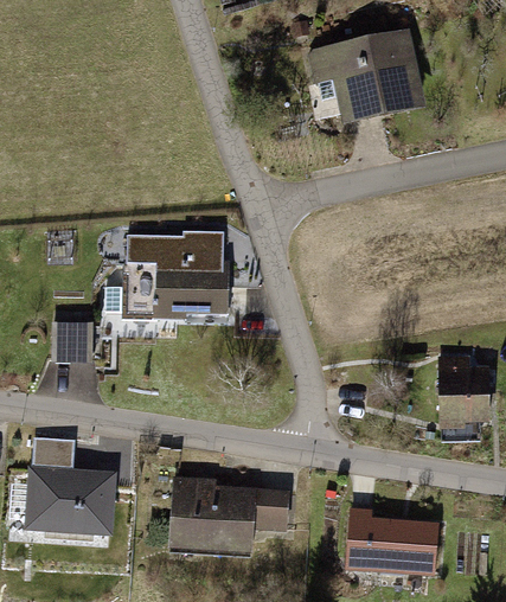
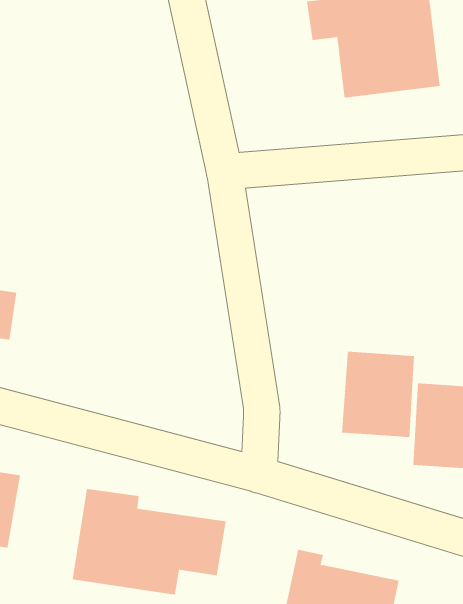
building: [126,239,225,315] -> none
building: none -> [341,351,414,438]

